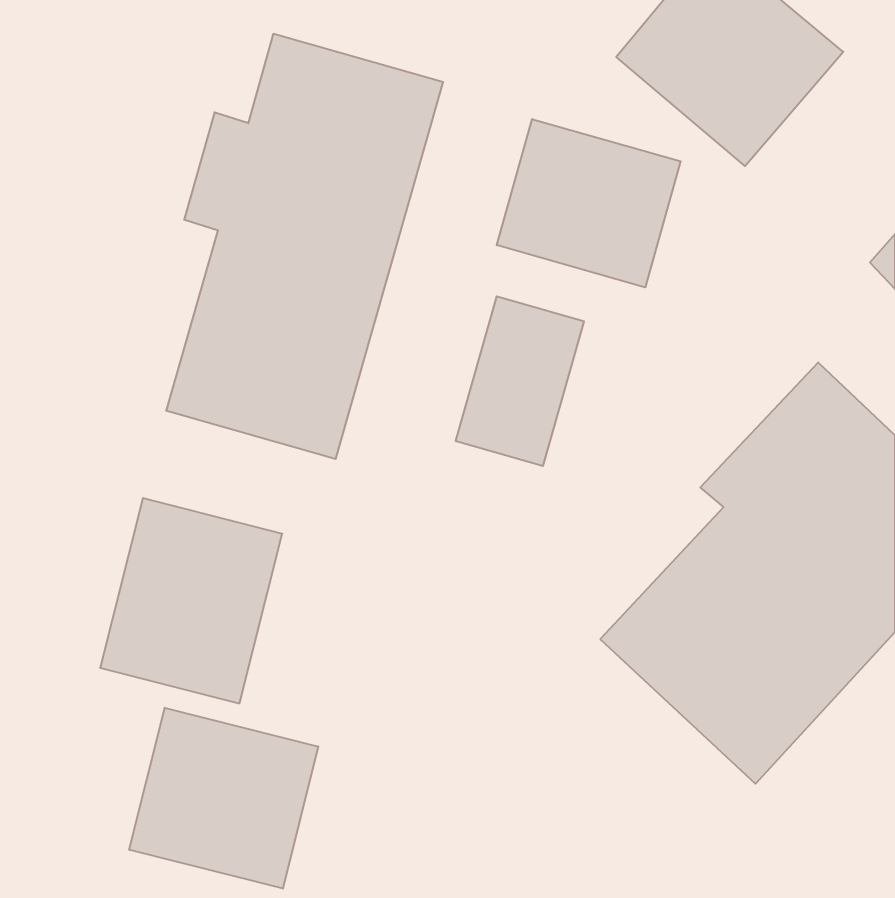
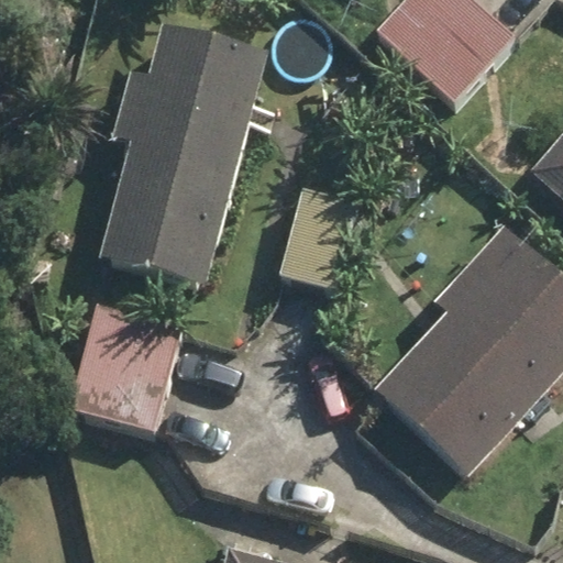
building: [497,119,681,287] -> none
building: [129,708,318,889] -> none

